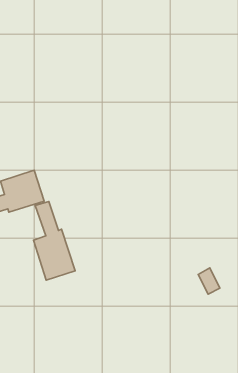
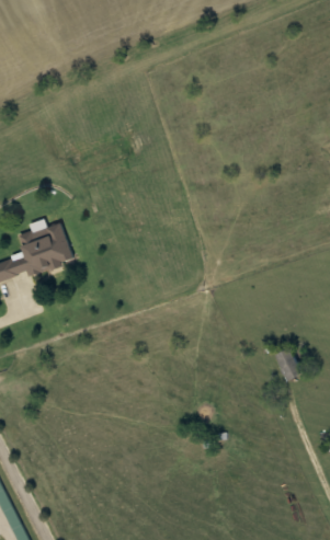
building: [33,202,75,280] -> none

